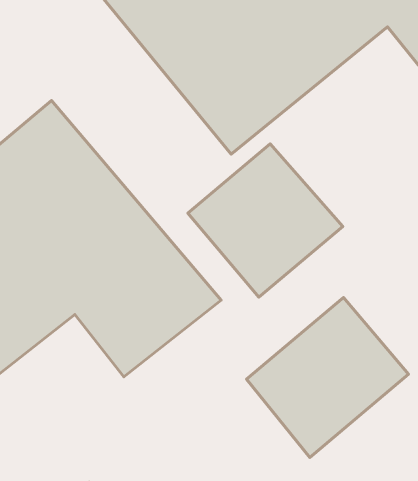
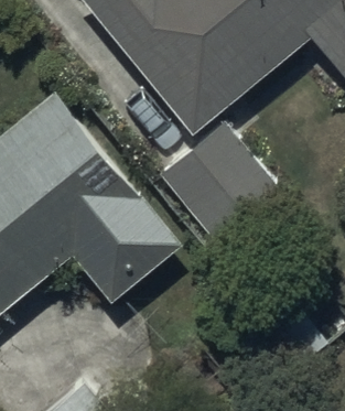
building: [247,297,408,458] -> none

